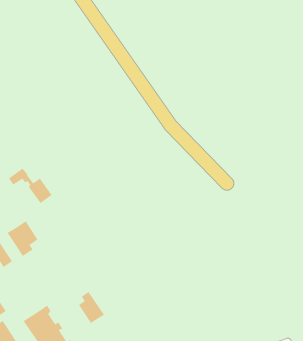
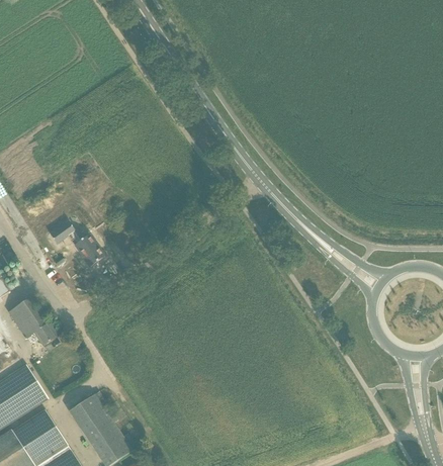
building: [7,221,38,257] -> none
building: [78,291,105,324] -> none

